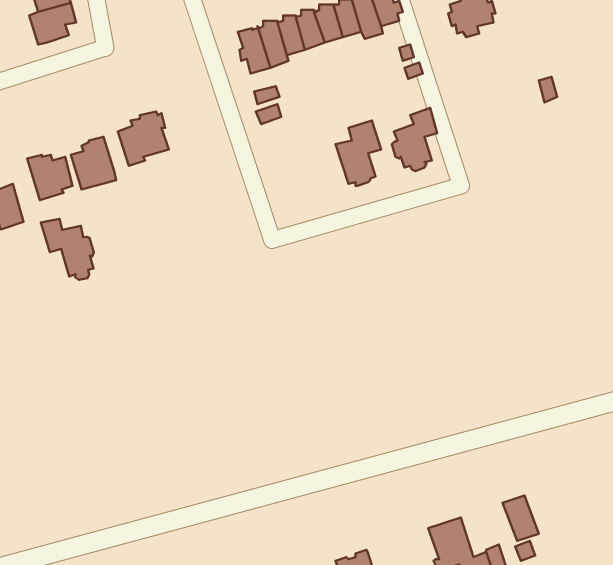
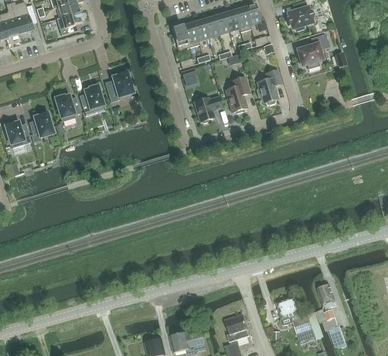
building: none -> [297,34,329,69]
building: none -> [194,96,222,123]
building: [41,219,94,280] -> none

